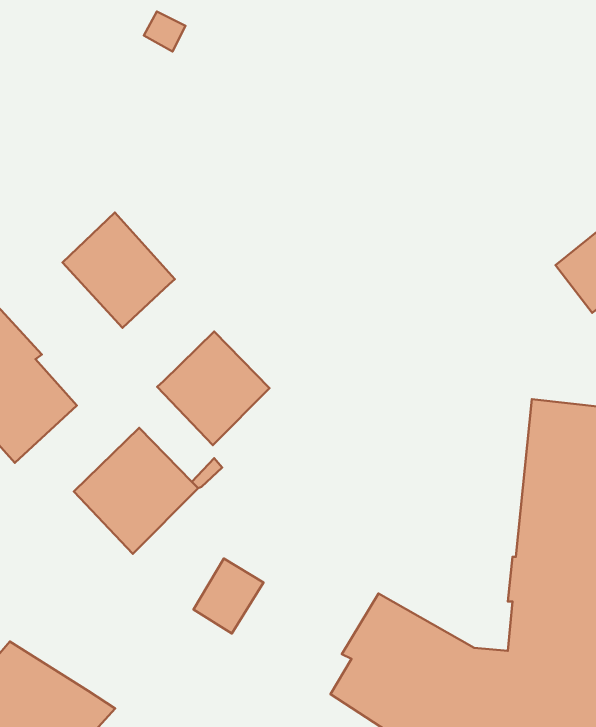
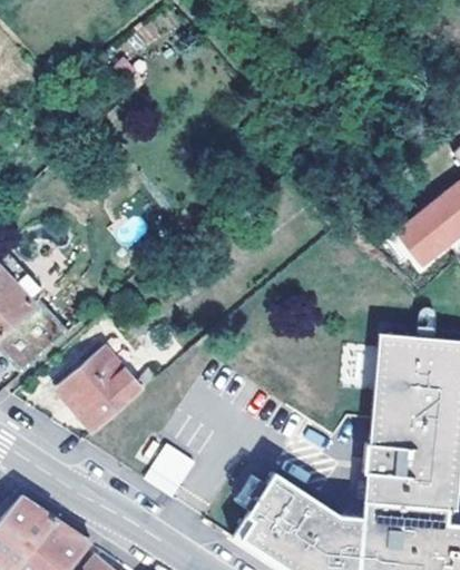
building: [62,213,175,328] -> none
building: [157,331,270,445] -> none

